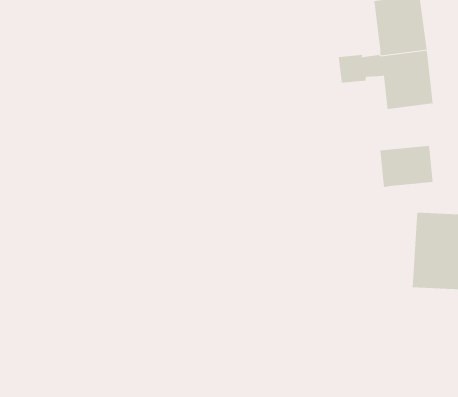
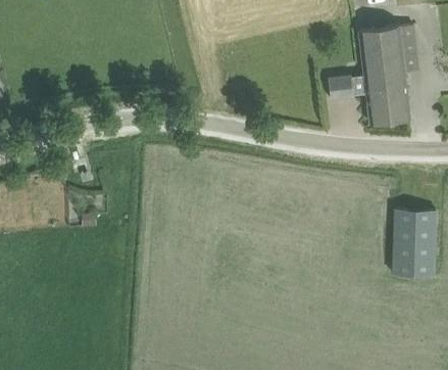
building: [380,145,433,188] -> none

